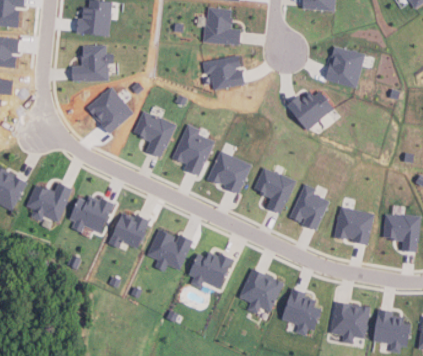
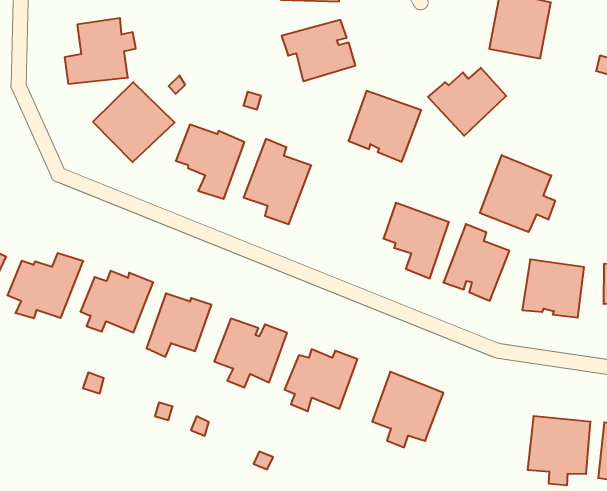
building: none -> [480,155,555,232]
building: [207,151,252,195] -> [348,91,421,162]
building: [281,288,320,335] -> none

